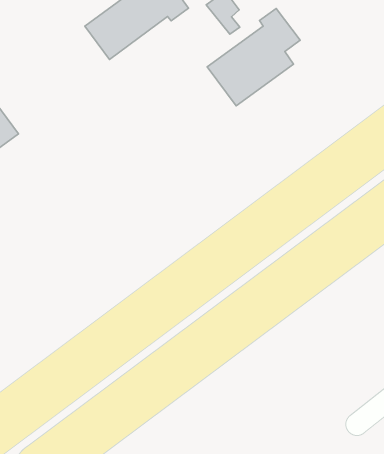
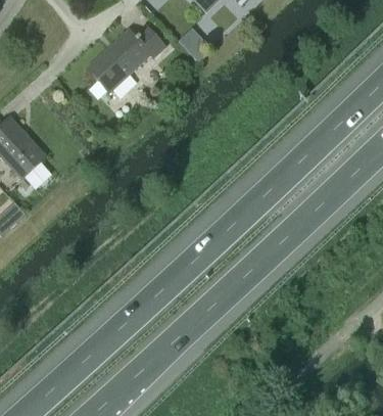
building: [207,8,300,106] -> none

